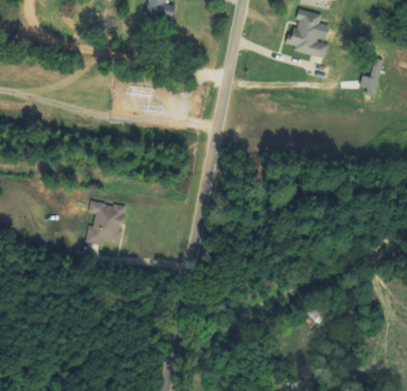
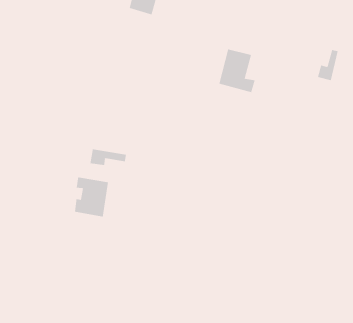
building: [288,9,330,58] -> [219,49,255,93]
building: none -> [90,148,127,166]

